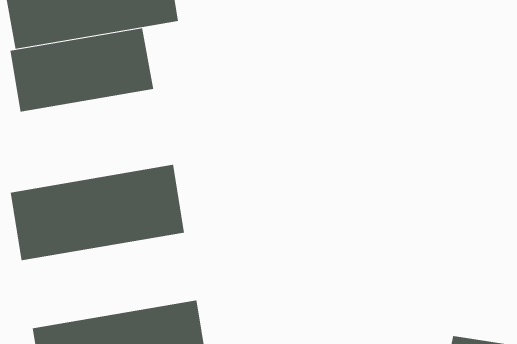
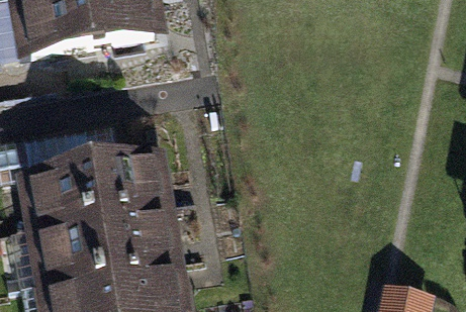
building: [10,28,154,112] -> none
building: none -> [30,206,176,285]

